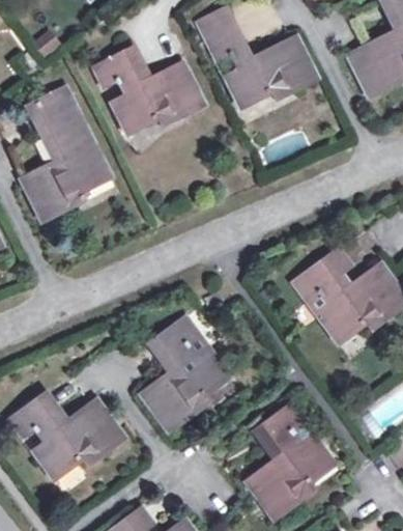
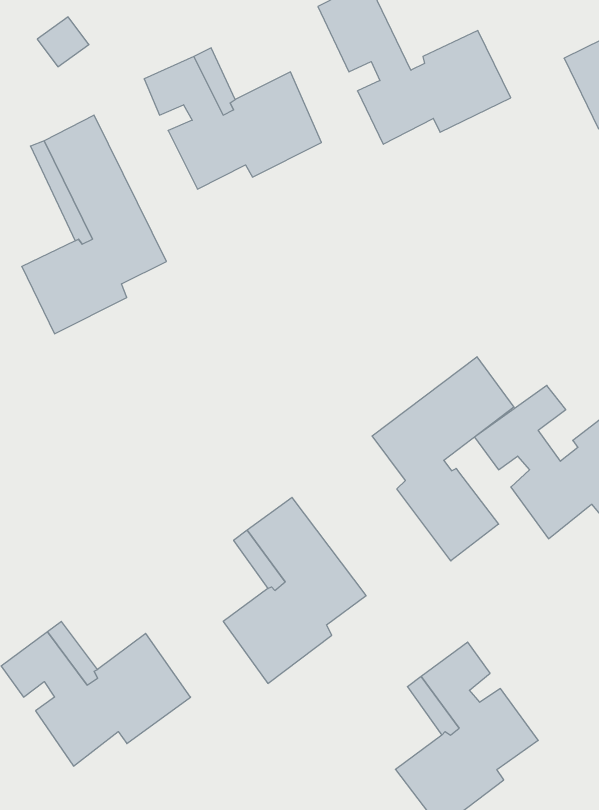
building: none -> [372,357,514,561]

